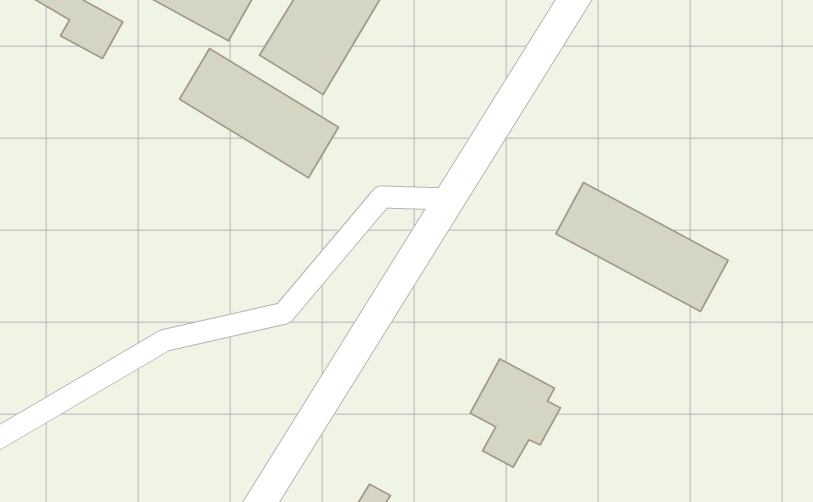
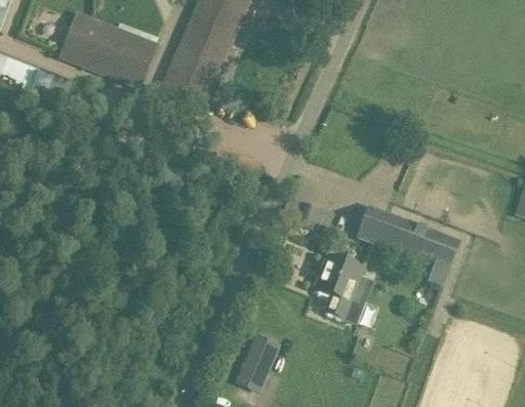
building: [180,49,339,178] -> none
building: [556,182,728,311] -> [355,205,459,273]

